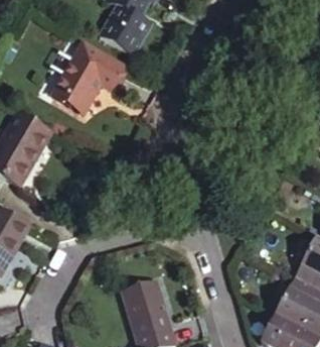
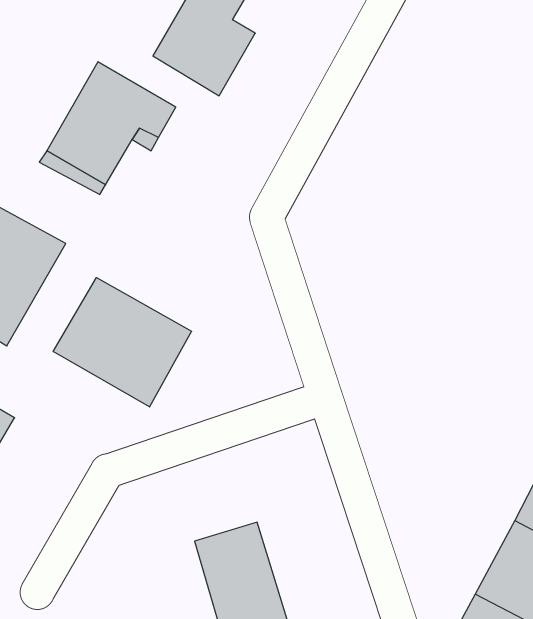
building: none -> [53,278,192,407]

